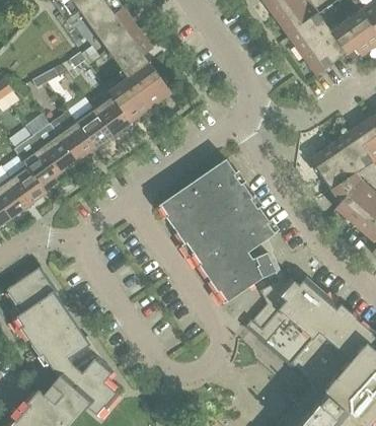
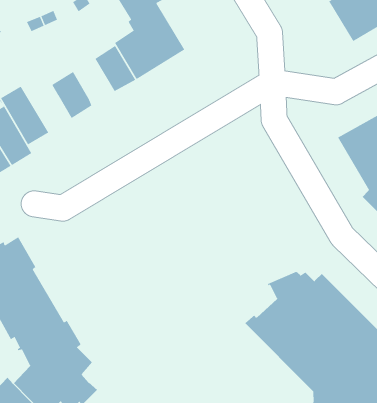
building: [76,108,112,148] -> none
building: [31,122,77,174] -> none
building: [158,159,277,304] -> none

